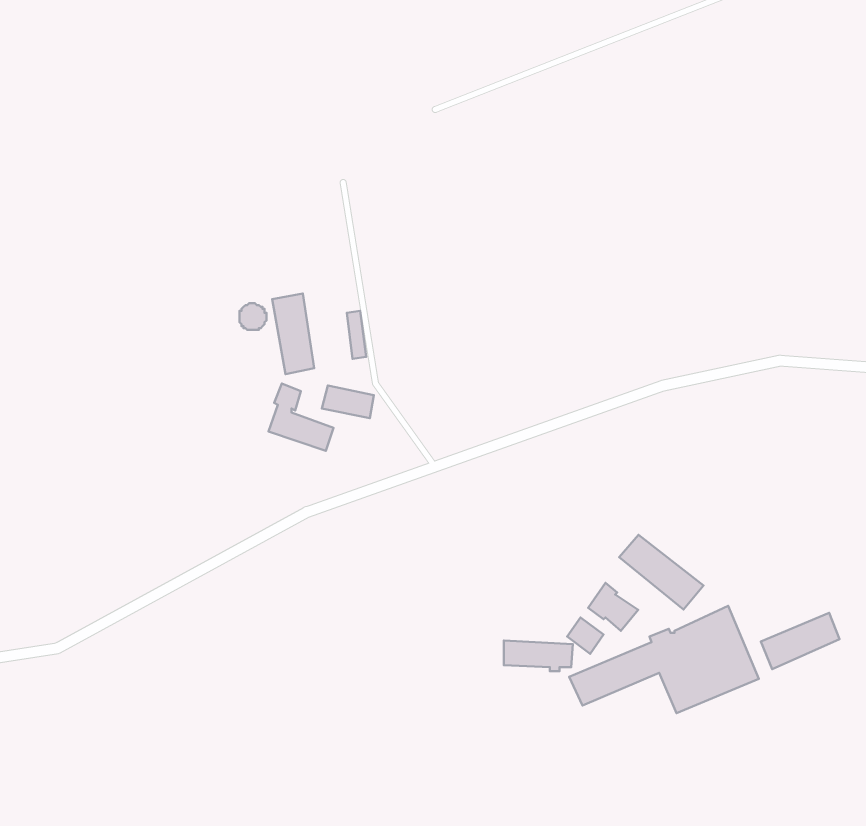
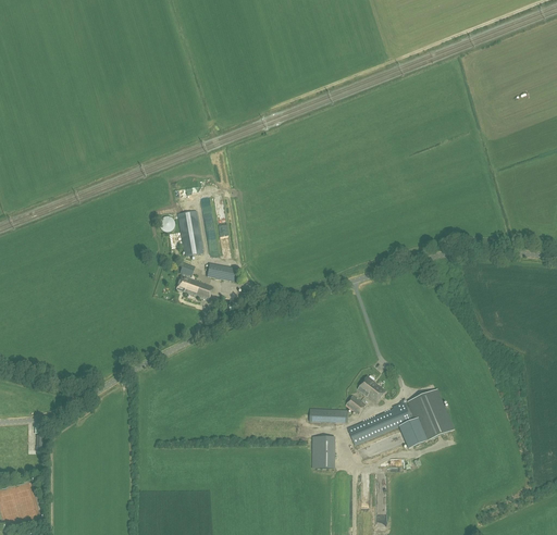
building: [619,535,704,610] -> none
building: [761,613,840,669] -> none
building: none -> [312,436,335,468]

